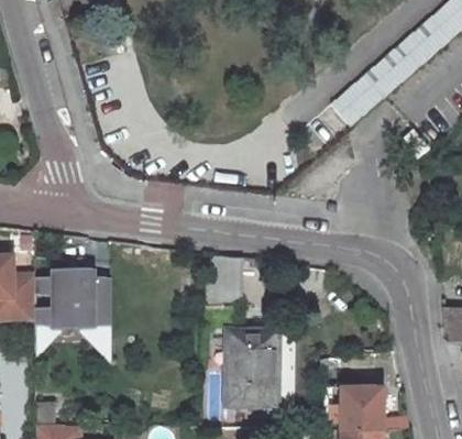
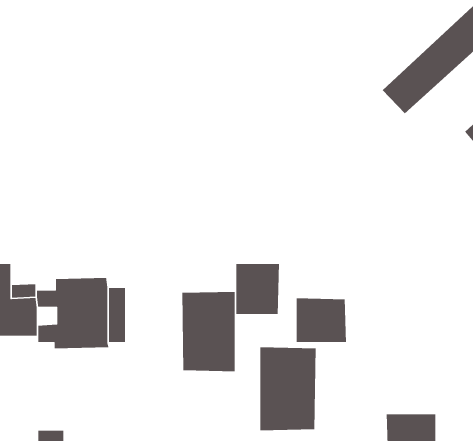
building: none -> [181,291,236,372]
building: none -> [296,298,347,343]

